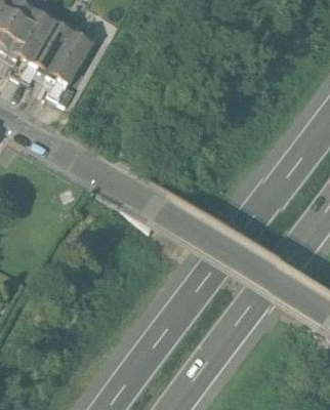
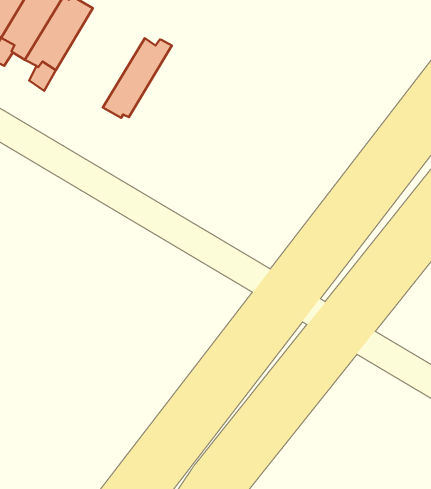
building: none -> [103,38,172,118]

